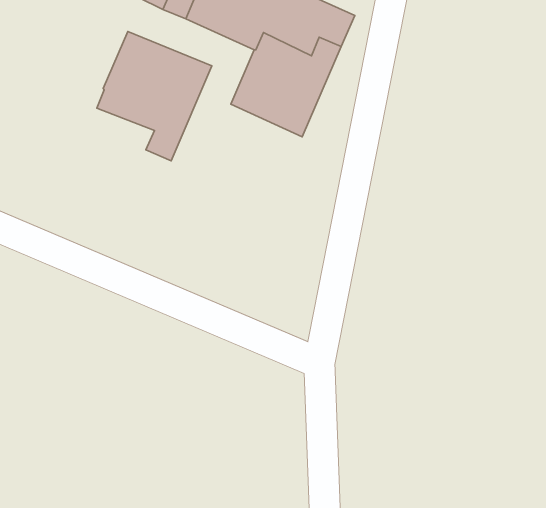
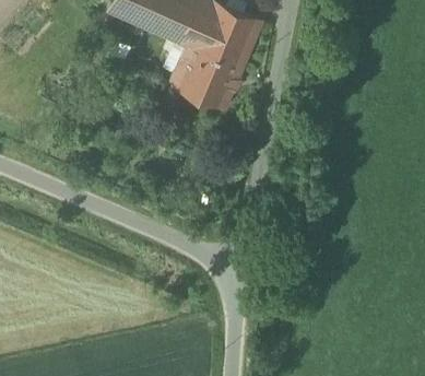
building: [97,31,212,161] -> none

